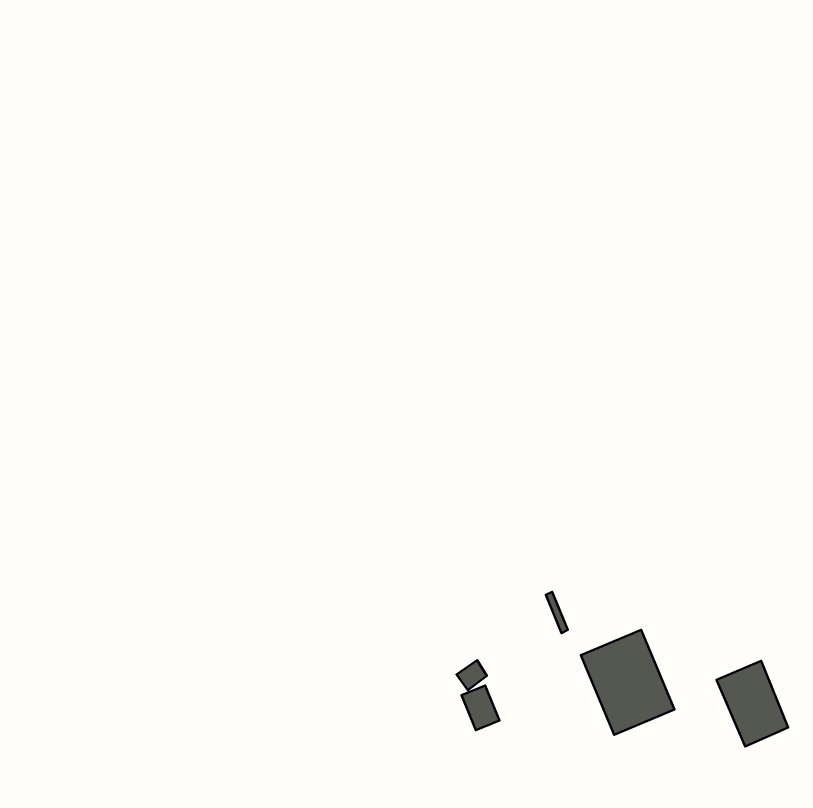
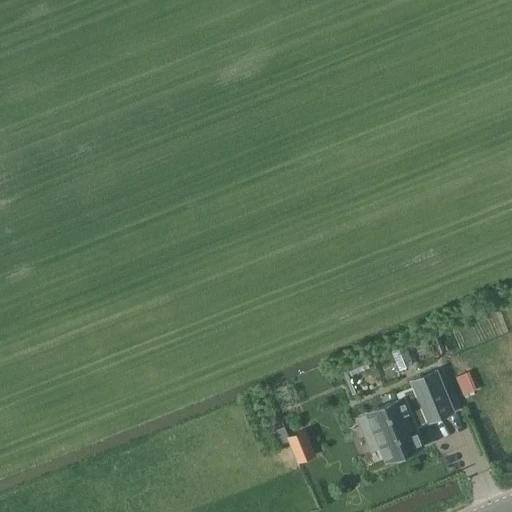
building: [716,661,788,747] -> [410,371,455,425]

